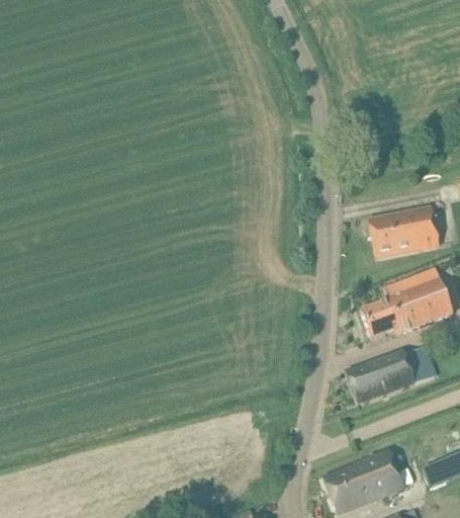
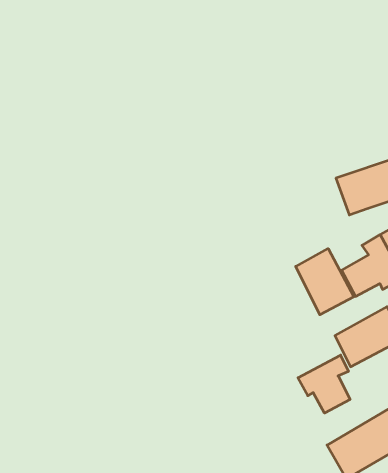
building: none -> [296,249,354,315]
building: none -> [298,355,350,413]

